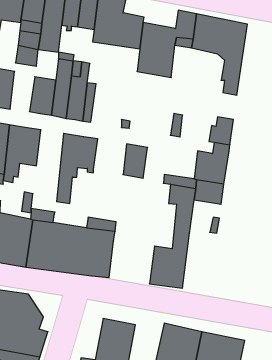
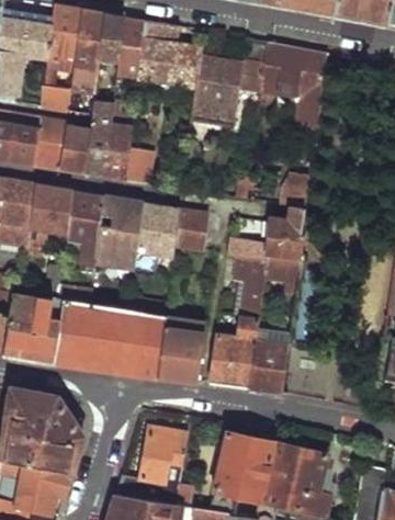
building: none -> [33,116,64,167]
building: none -> [65,190,100,280]
building: none -> [137,201,179,246]
building: none -> [249,319,291,392]
building: none -> [157,329,203,381]

